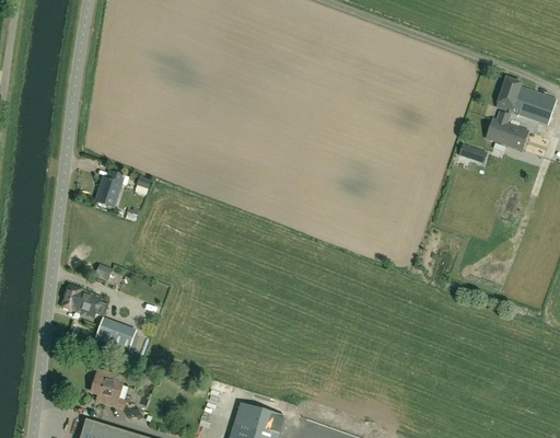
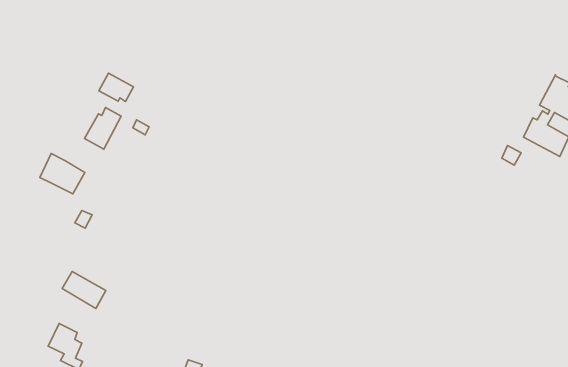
building: none -> [99,73,133,102]
building: [61,284,101,316] -> [40,154,85,194]

